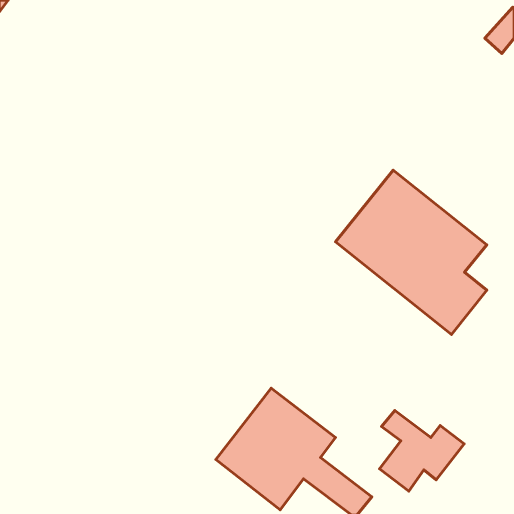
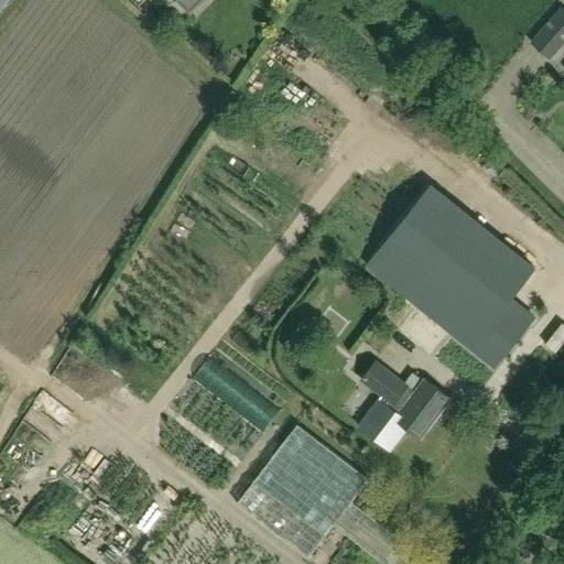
building: [380,410,464,491] -> [358,362,451,451]

